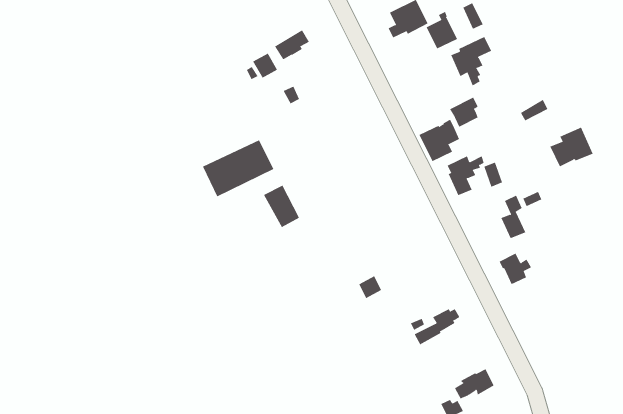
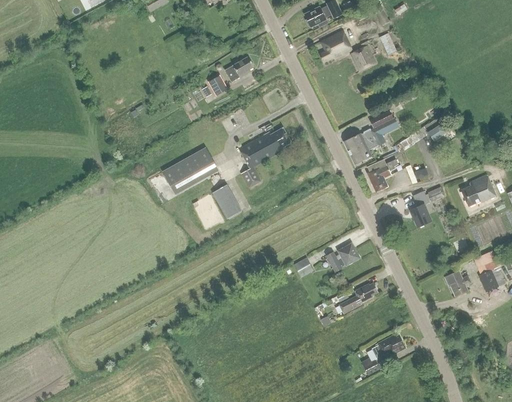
building: [450,36,492,87] -> none
building: none -> [238,126,291,186]
building: [550,127,594,167] -> [460,173,496,206]
building: [499,253,532,285] -> [444,270,471,296]
building: none -> [326,243,359,271]
building: none -> [478,266,505,291]

